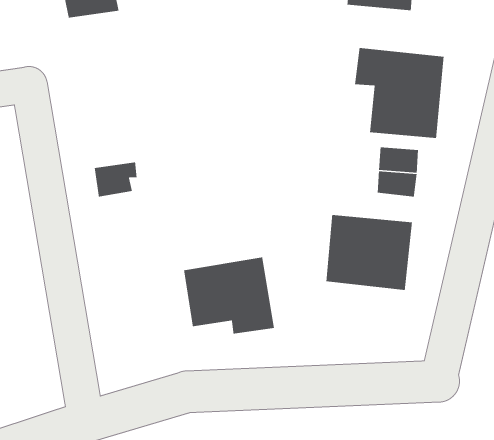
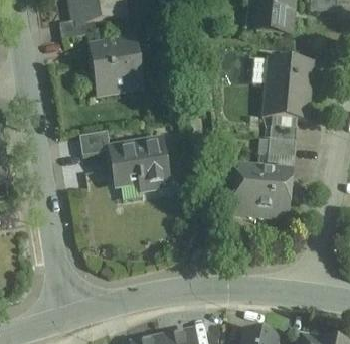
building: none -> [92,36,141,91]
building: [183,256,275,335] -> [108,137,169,189]

